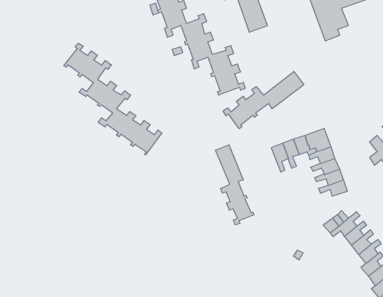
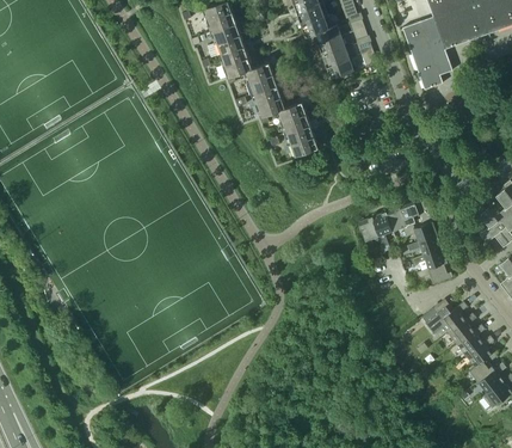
building: [64,43,162,155] -> none
building: [223,71,304,129] -> none
building: [215,145,254,225] -> none

